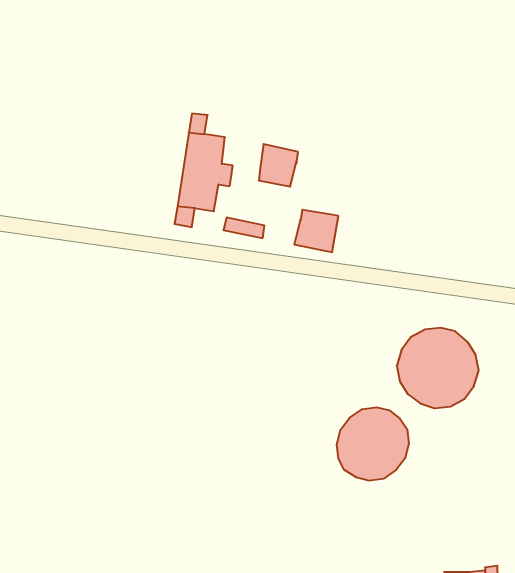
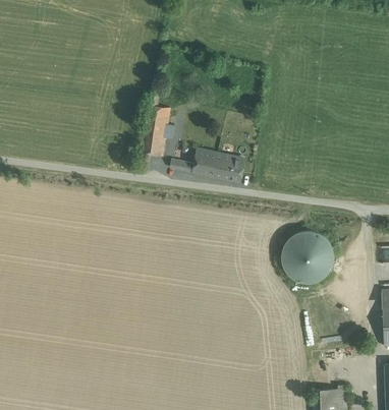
building: [259,144,298,187] -> [194,150,220,177]
building: [337,407,409,481] -> none

